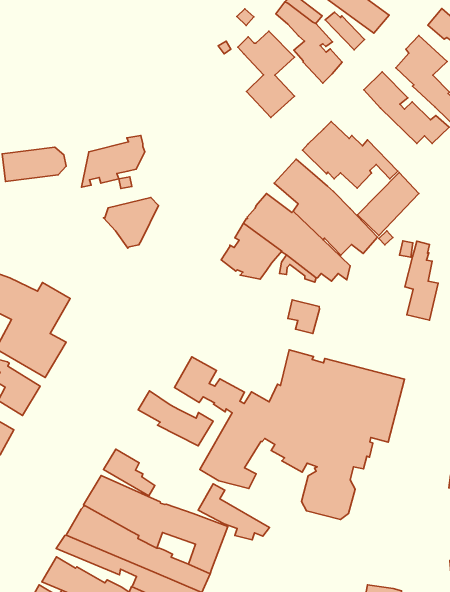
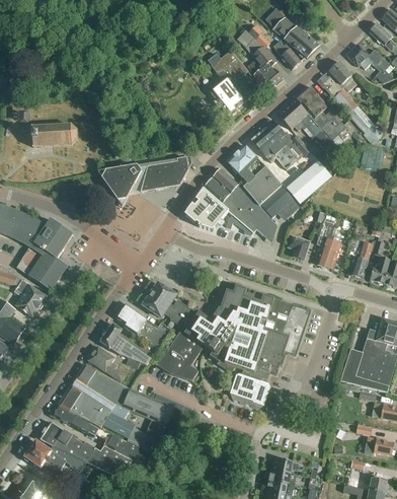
building: none -> [277,99,332,148]
building: [82,135,145,187] -> [141,157,188,192]
building: [288,300,319,333] -> [287,234,310,260]
building: [198,484,269,540] -> [100,325,151,367]

